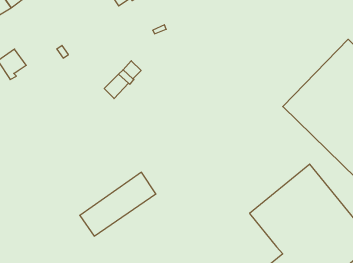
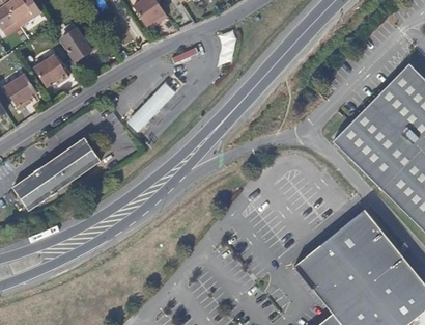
building: none -> [60,28,91,61]
building: none -> [33,54,68,87]
building: [80,172,156,236] -> [13,138,102,212]

